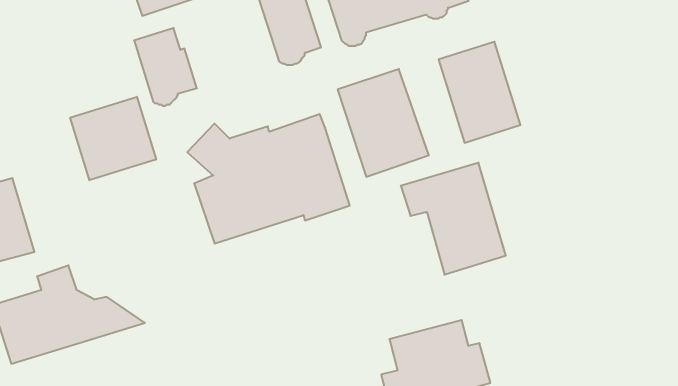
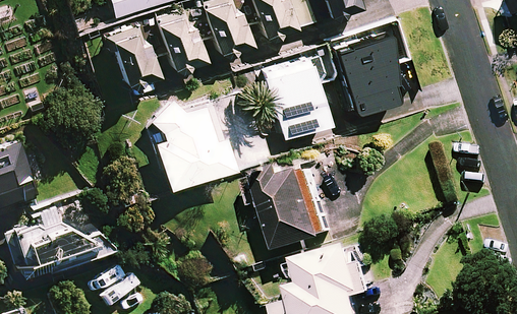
building: none -> [157,10,204,70]
building: [70,97,156,180] -> none
building: [401,163,506,275] -> [247,167,326,250]

